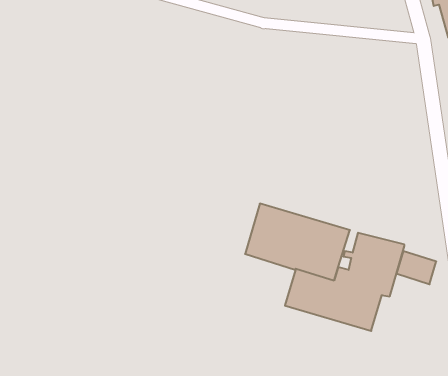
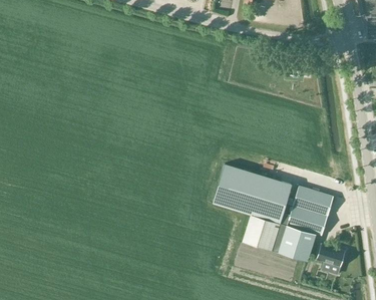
building: [396,251,436,284] -> [316,242,346,267]

